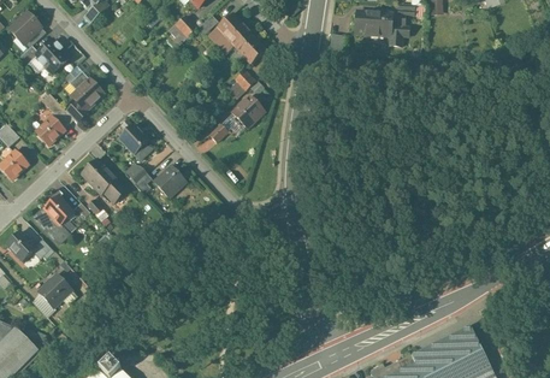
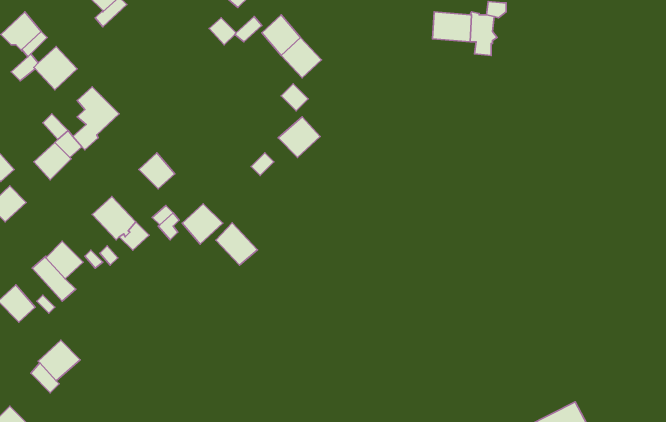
building: none -> [216,223,257,265]

